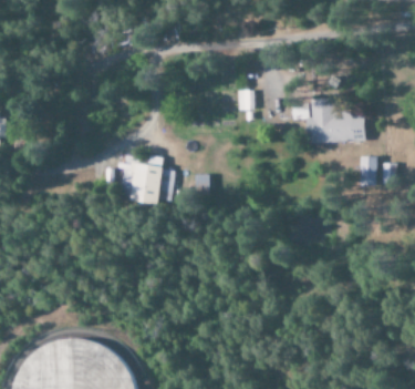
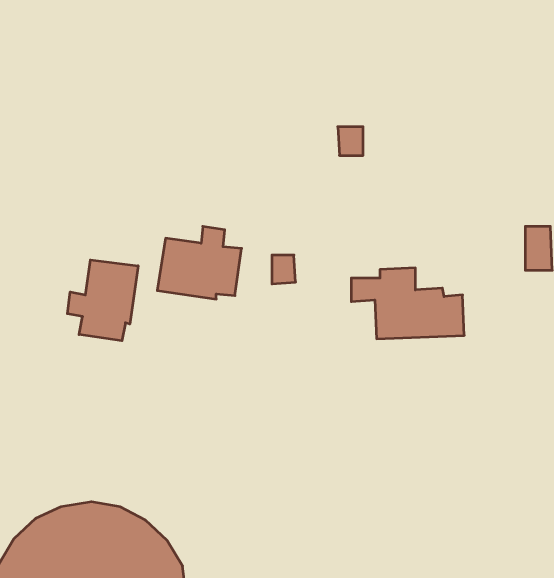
building: [291,98,365,144] -> [351,268,464,339]
building: none -> [67,260,138,341]

